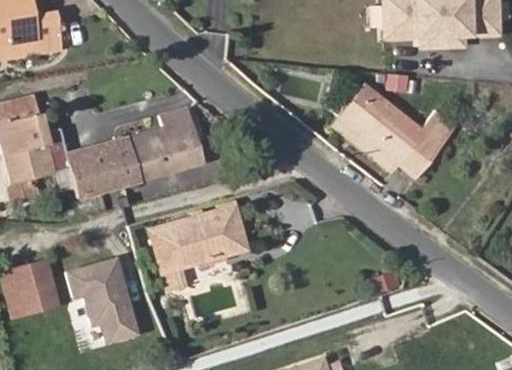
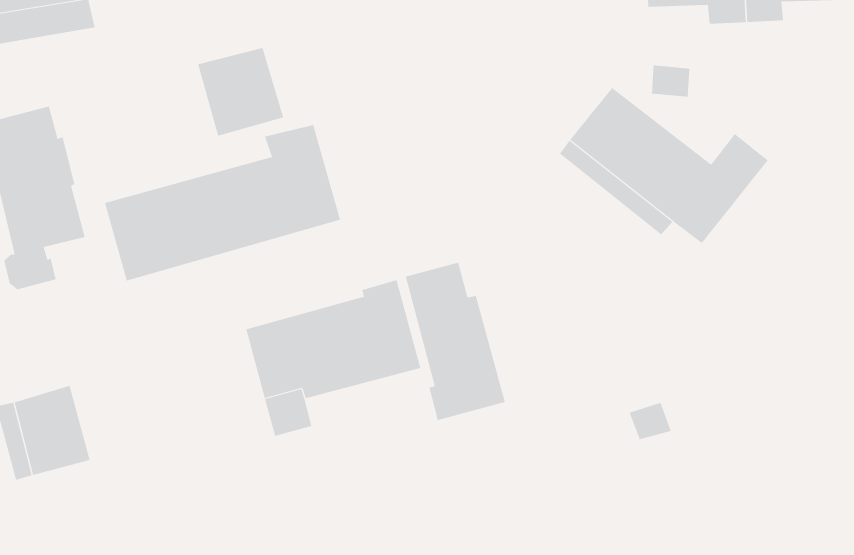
building: none -> [198,47,284,137]
building: none -> [405,262,505,421]
building: [64,255,142,345] -> none

